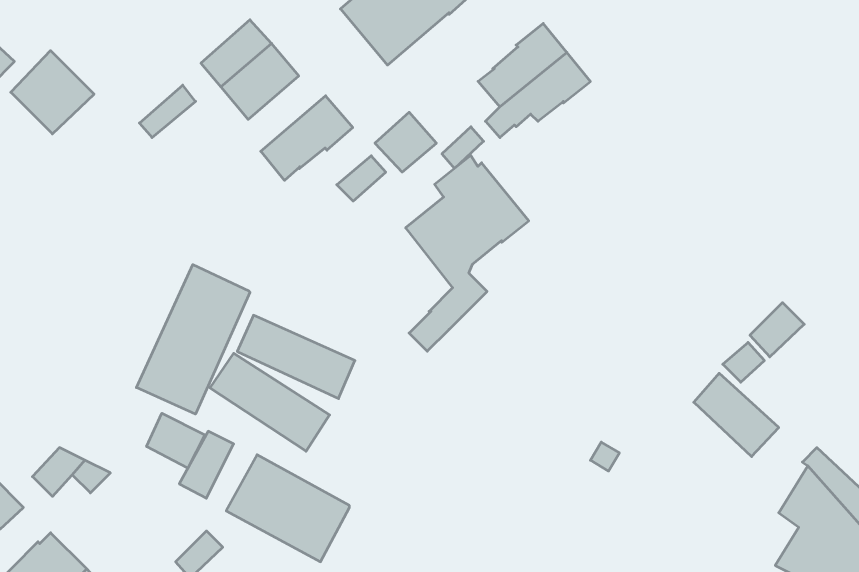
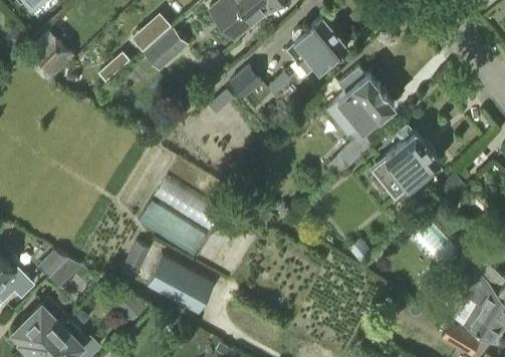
building: [261,96,353,180] -> none
building: [406,155,529,351] -> [326,70,395,178]
building: none -> [375,127,441,196]
building: [136,265,250,414] -> none
building: [147,413,205,468] -> none

